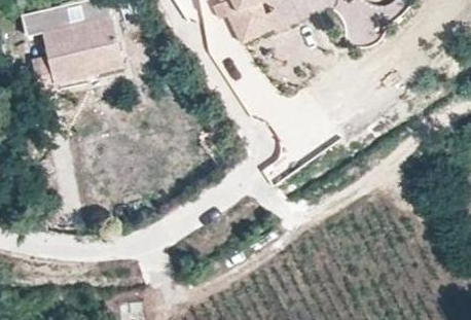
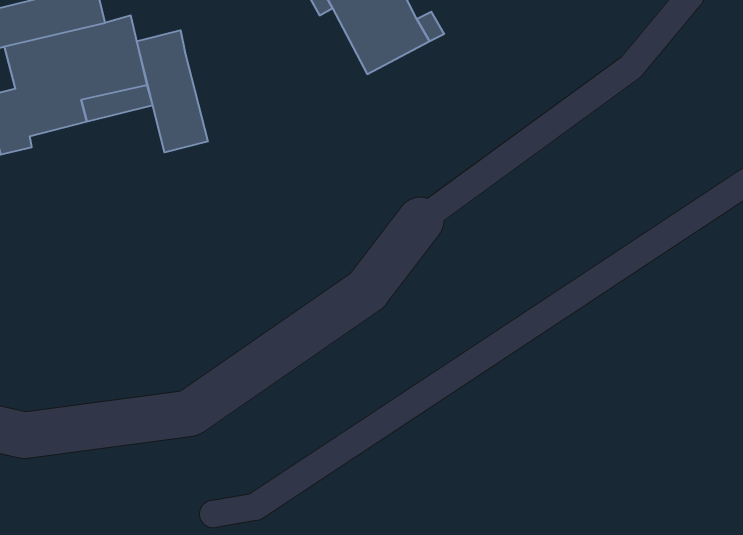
building: none -> [137,30,208,152]

